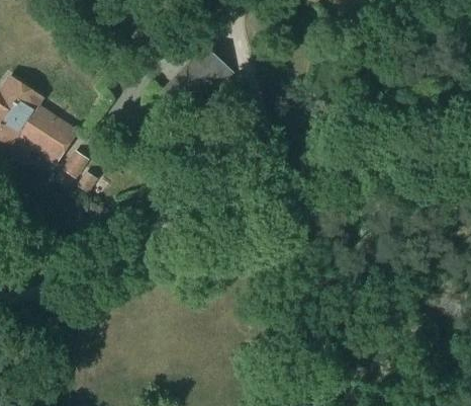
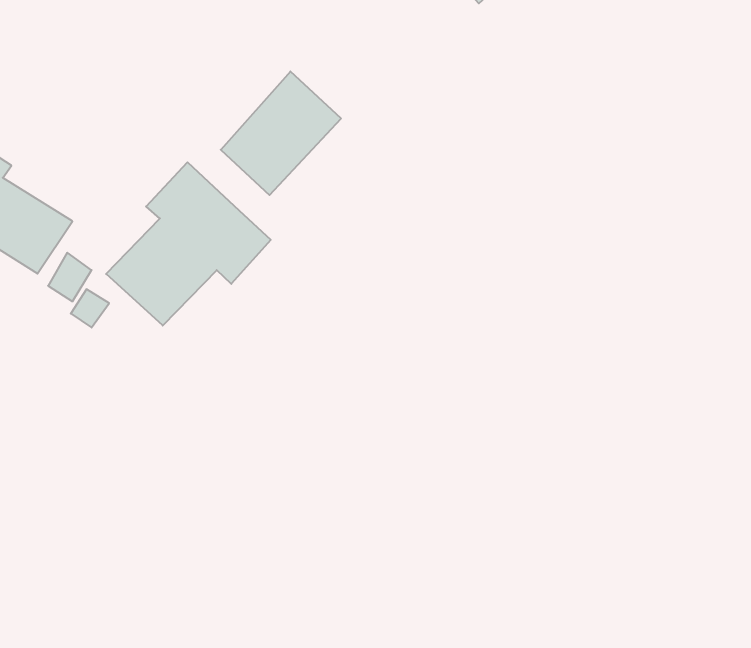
building: none -> [106,162,271,326]

